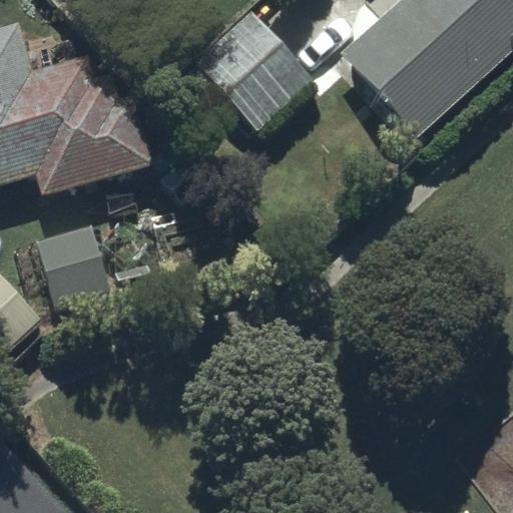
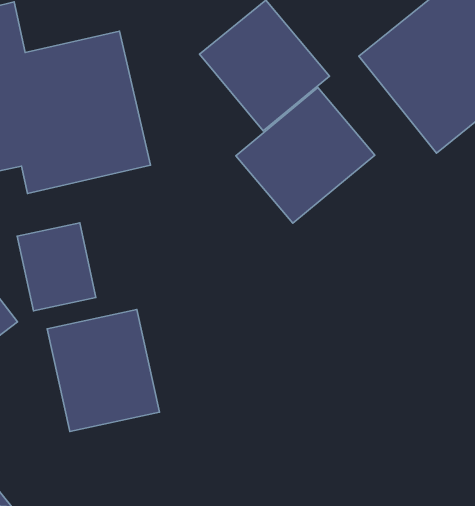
building: none -> [236,88,375,223]
building: none -> [47,309,159,431]

